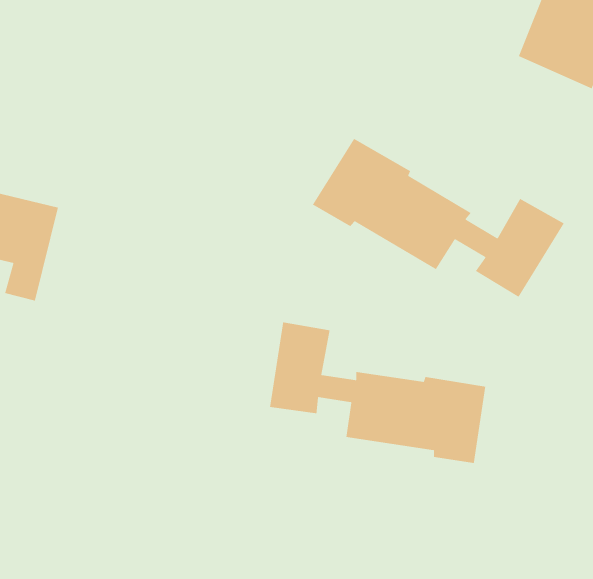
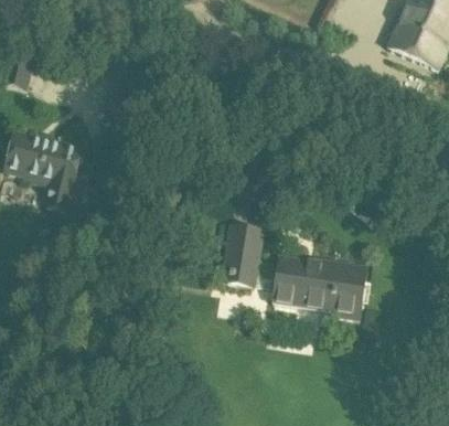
building: [312,138,565,298] -> none

